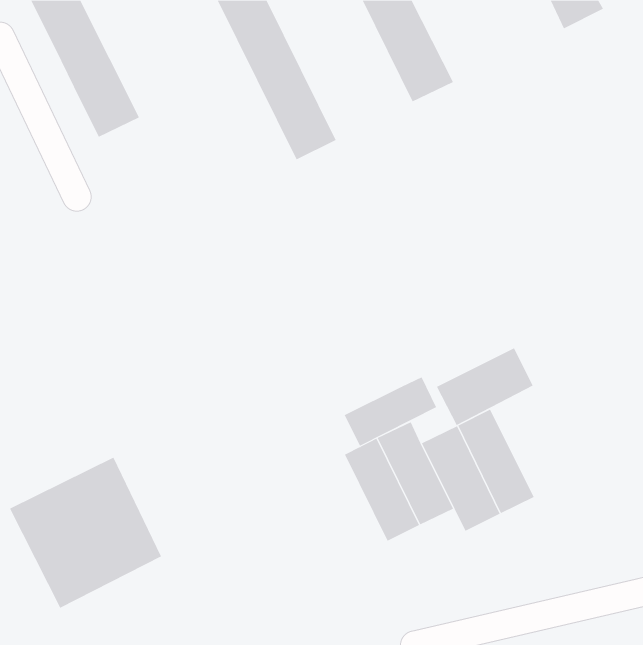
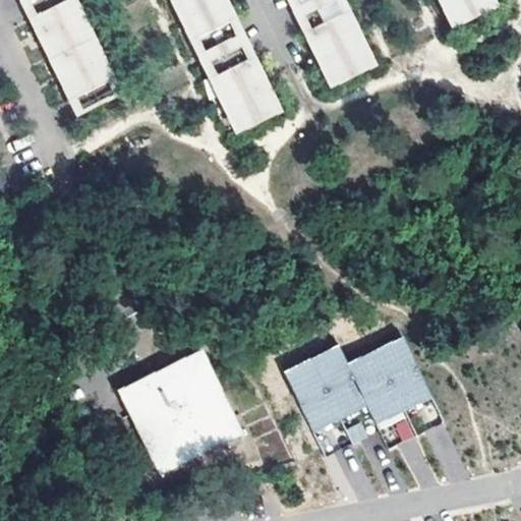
building: [436,348,533,426] -> none
building: [344,376,437,447] -> none
building: [9,457,162,608] -> [119,351,242,473]

